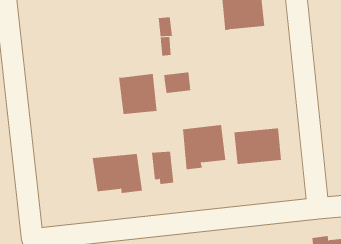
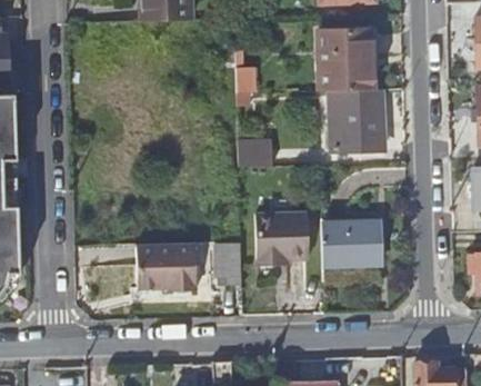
building: none -> [330,89,384,154]
building: [118,73,157,115] -> none

